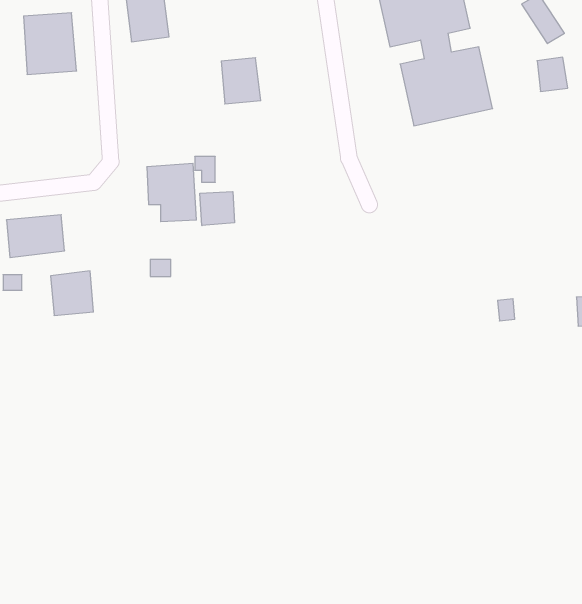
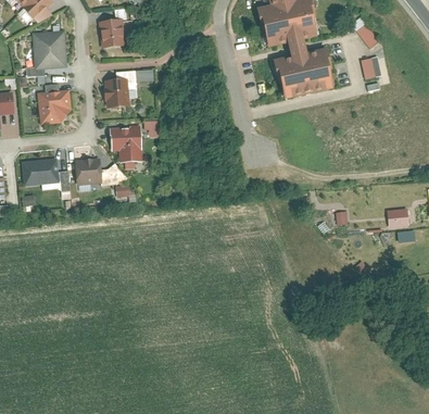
building: [221,58,261,104] -> [105,77,130,106]
building: none -> [38,89,72,123]
building: [200,192,234,226] -> none
building: [51,271,93,315] -> [76,156,103,185]

